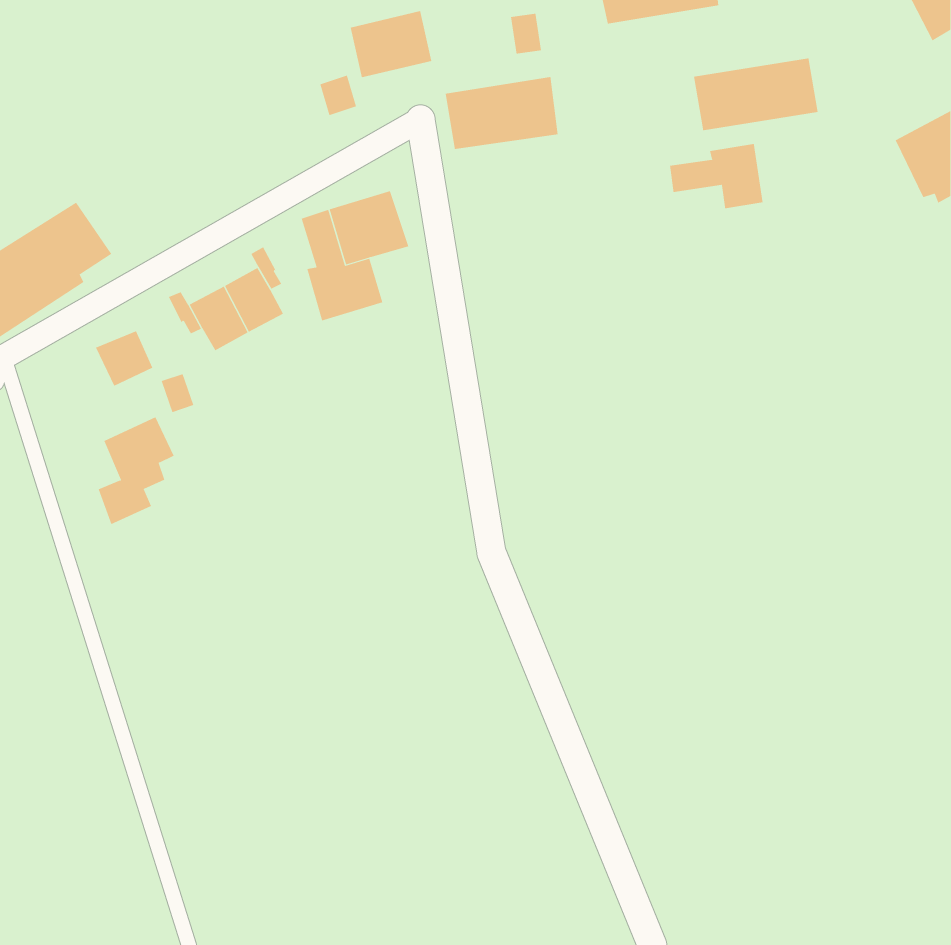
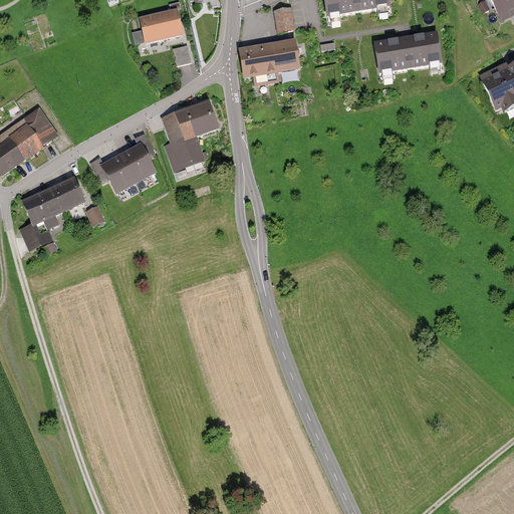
building: [350,11,432,78] -> [141,10,185,46]
building: [670,143,763,209] -> none
building: [98,416,174,525] -> [20,187,61,245]

